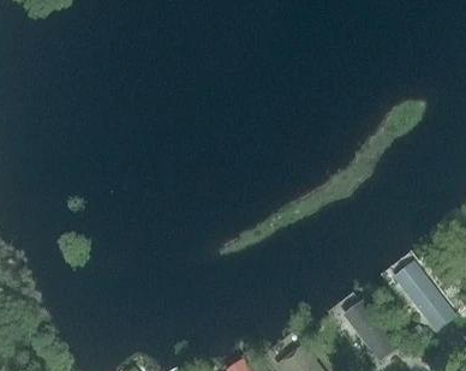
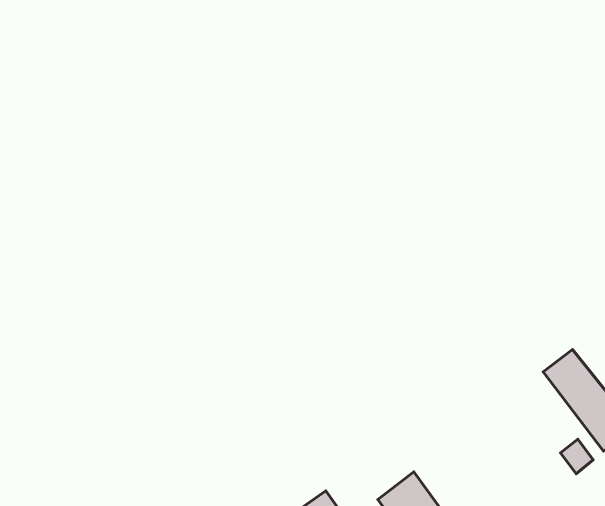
building: [345,301,396,359] -> none

